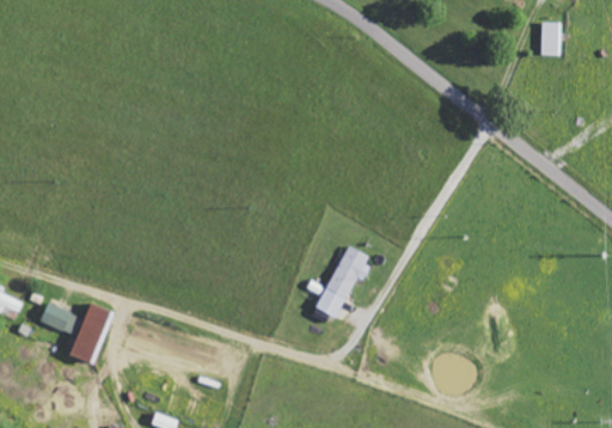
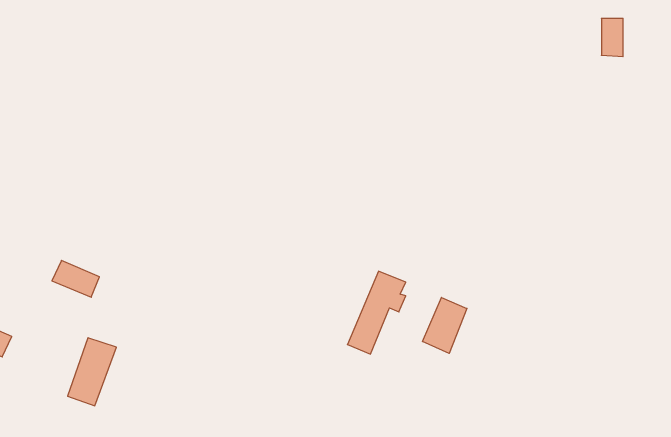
building: none -> [423,297,467,353]
building: [39,304,81,336] -> [52,260,99,297]

